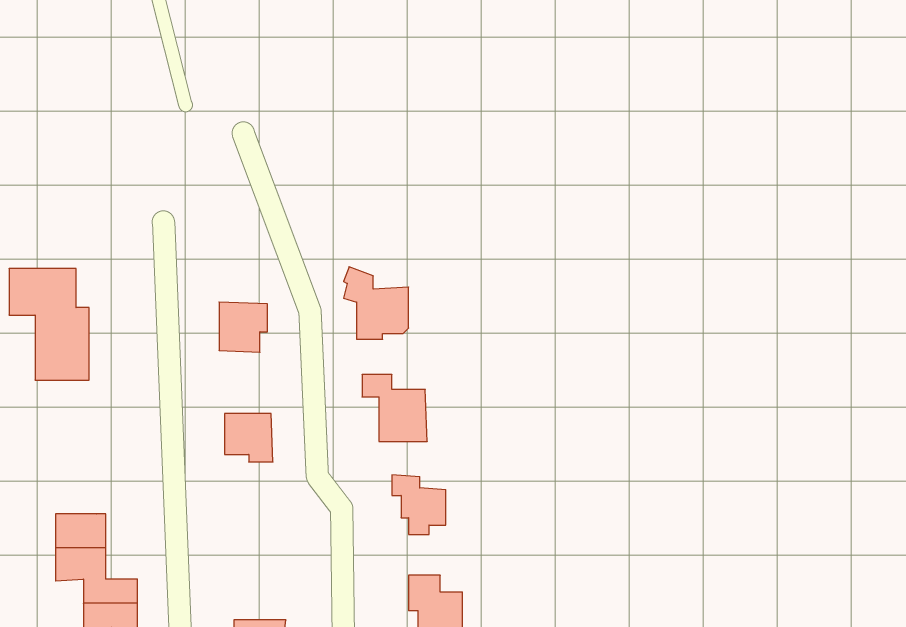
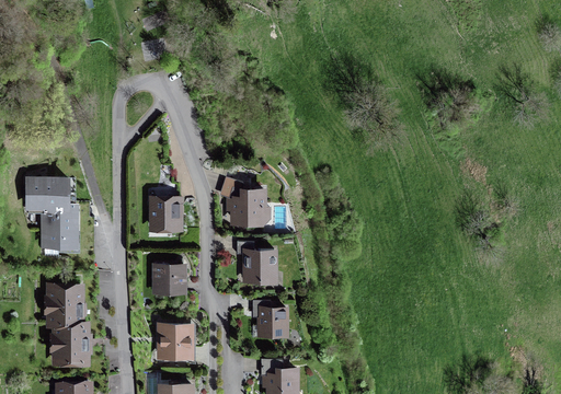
building: none -> [49,288,79,325]
building: none -> [160,326,188,358]

